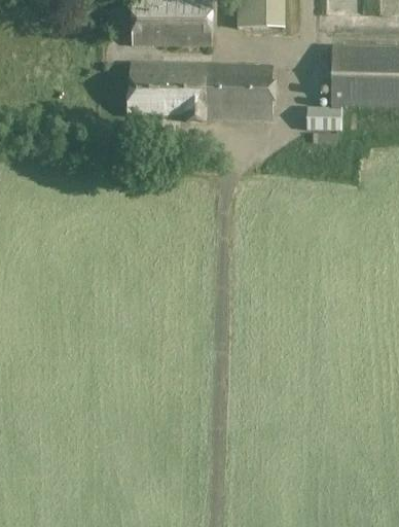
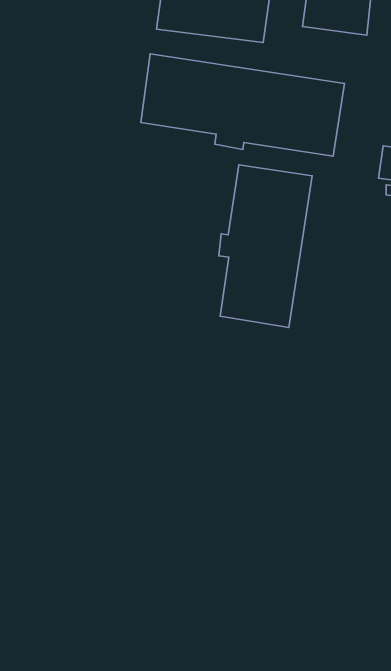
building: none -> [219,165,312,328]

